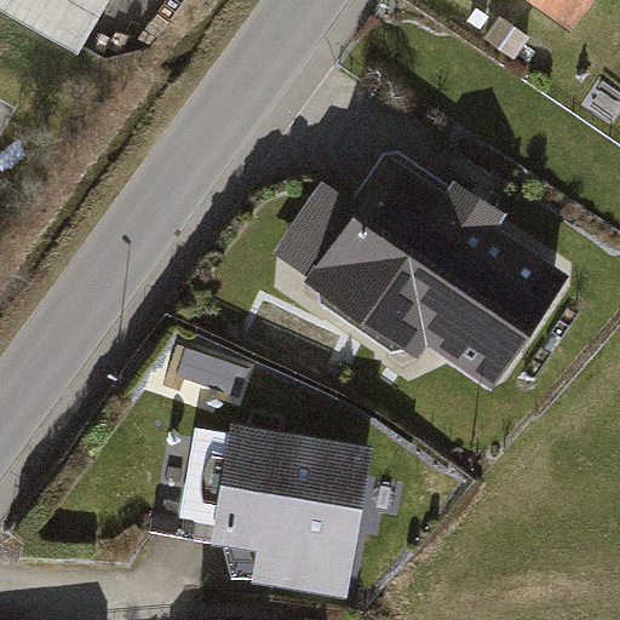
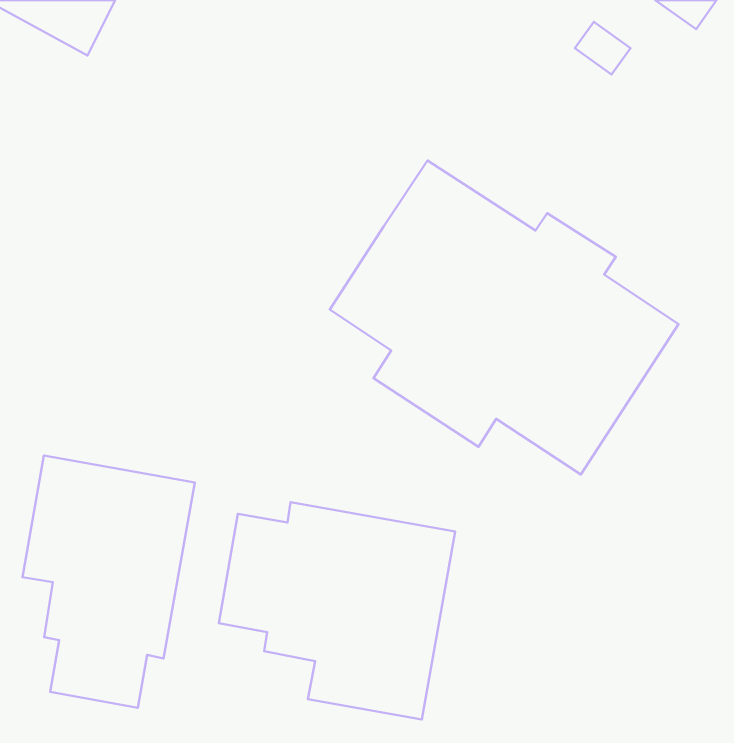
building: none -> [22,456,195,708]

